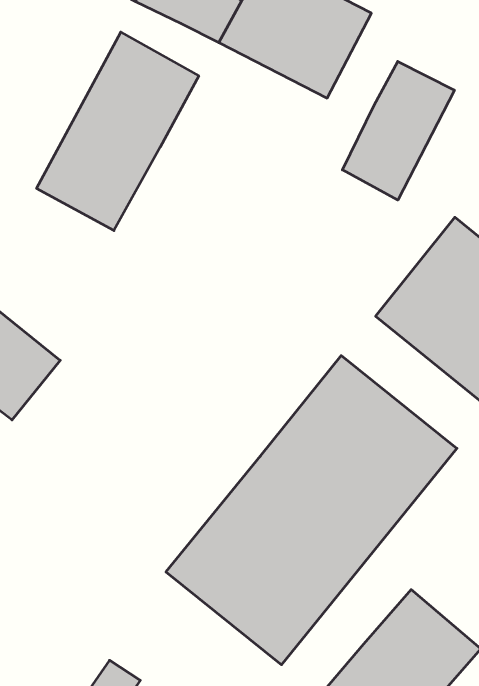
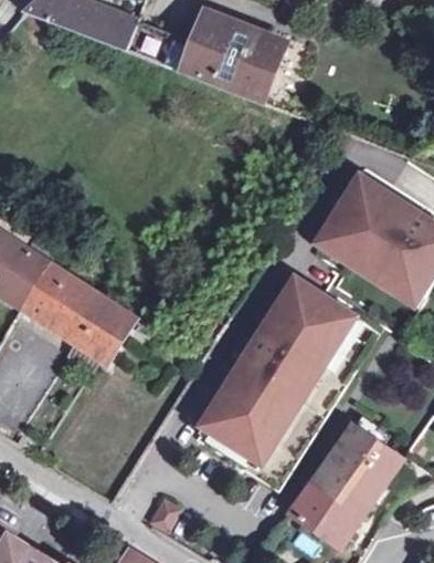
building: [37,32,199,231] -> none
building: [342,61,454,200] -> none
building: none -> [75,296,136,361]

